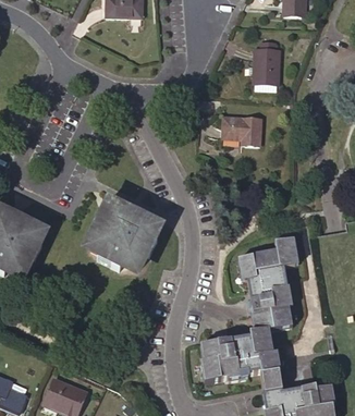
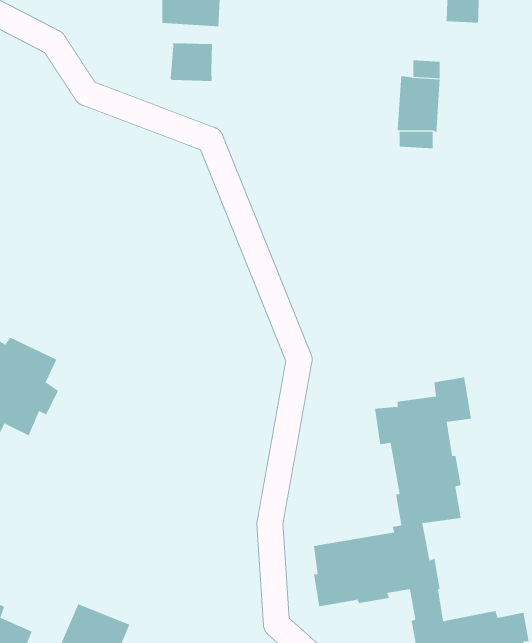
building: none -> [170,42,213,82]
building: [222,115,261,145] -> none
building: [89,203,157,270] -> none

